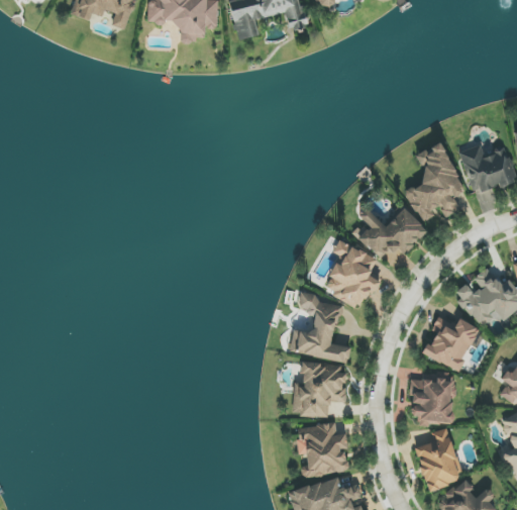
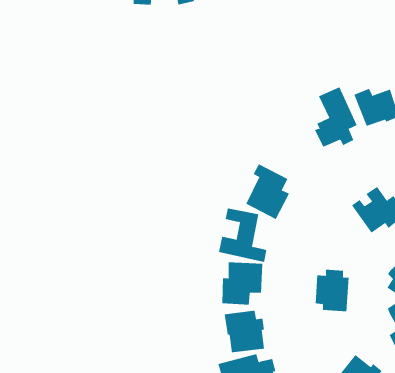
building: [353,205,427,261] -> none
building: [422,310,480,371] -> none
building: [415,428,462,491] -> none

